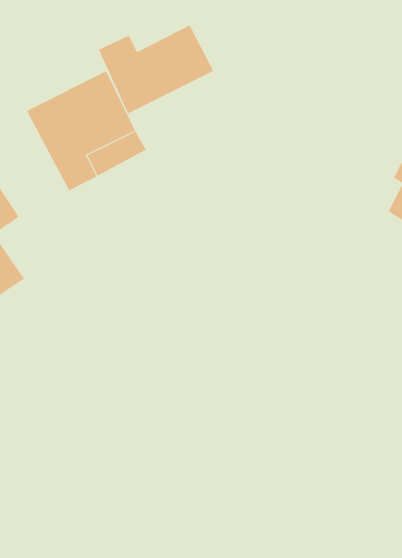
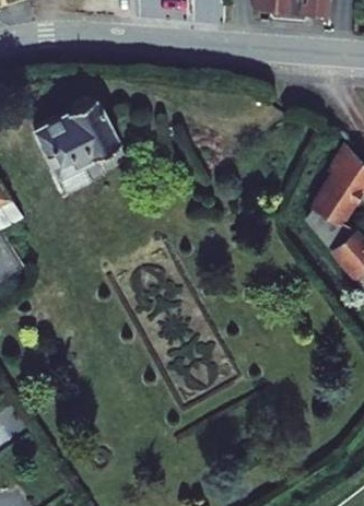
building: [98,25,214,114] -> none

